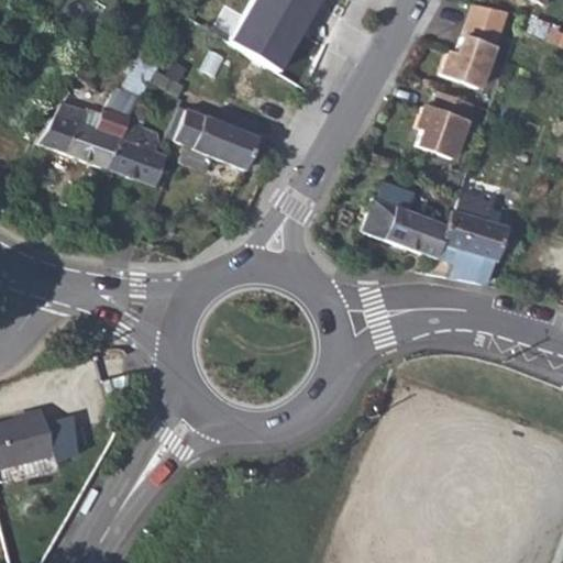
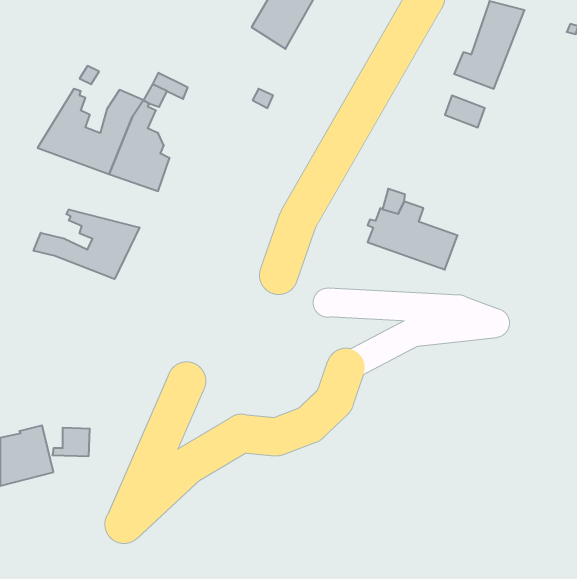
building: [416,107,466,159] -> none
building: [175,110,257,169] -> none
building: [428,197,506,285] -> none
building: none -> [34,209,139,279]

